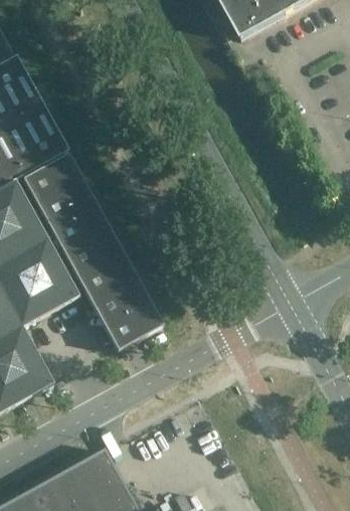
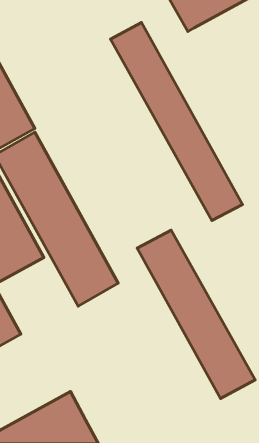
building: none -> [110,22,243,221]
building: none -> [137,230,255,398]

